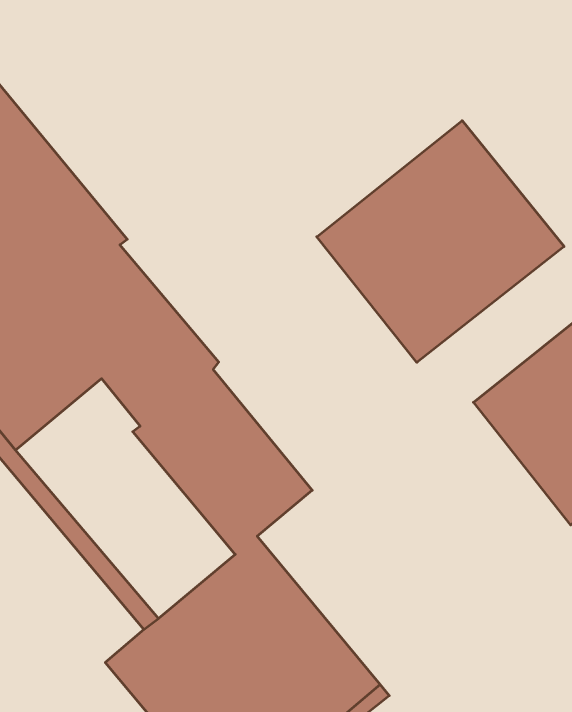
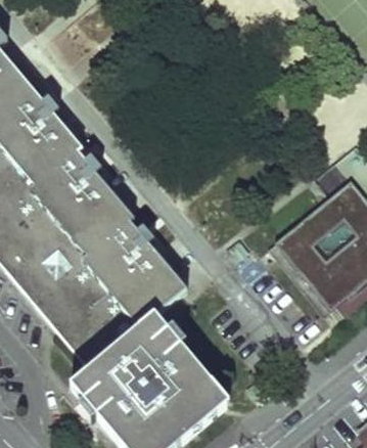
building: [317,121,564,362] -> none
building: none -> [20,227,143,361]

